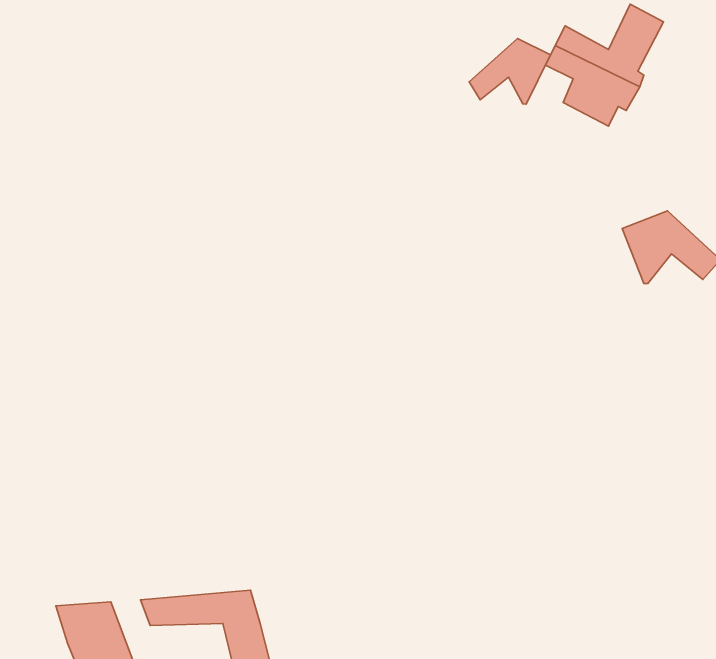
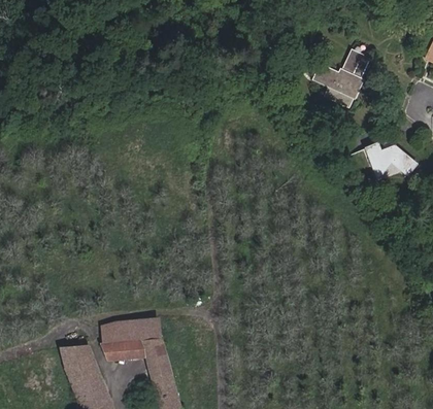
building: [469,38,551,104] -> none
building: none -> [102,321,162,347]

